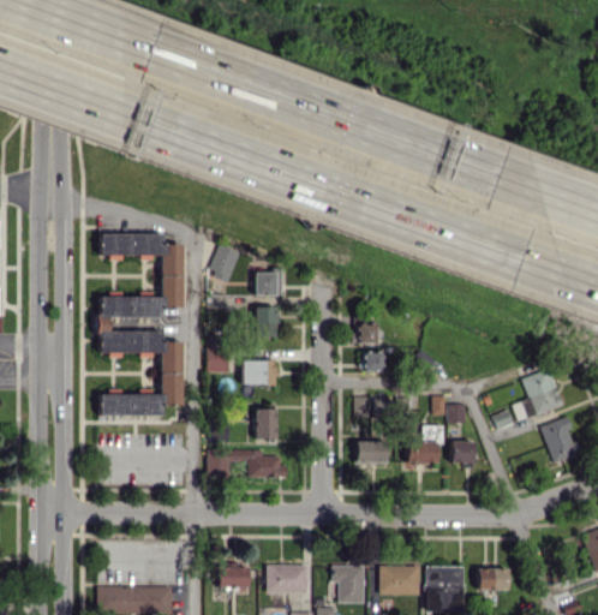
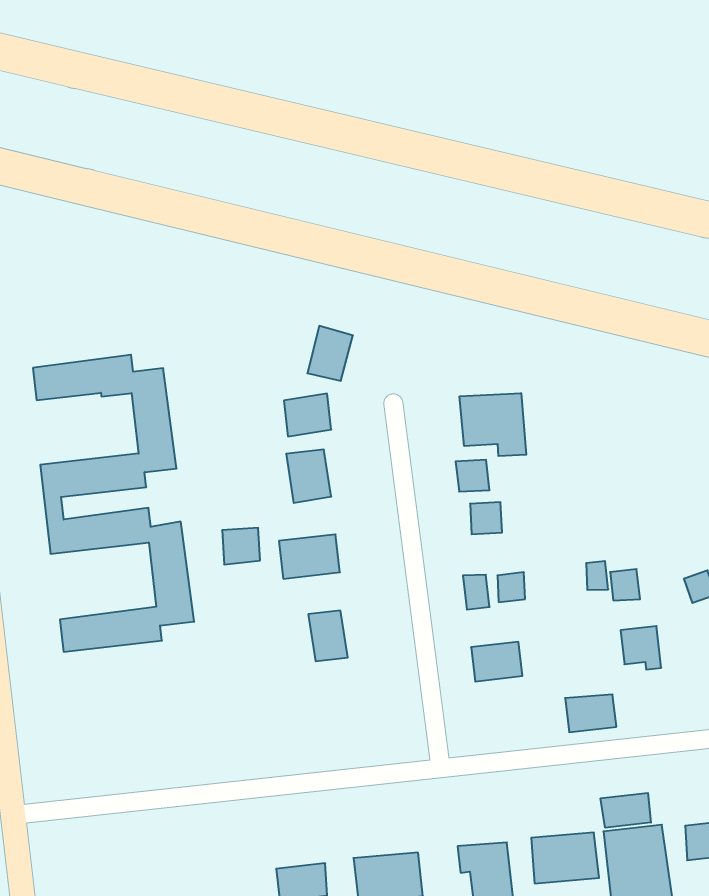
building: [210,244,241,280] -> [307,326,353,381]
building: none -> [460,393,526,456]
building: [407,441,437,462] -> [565,695,616,732]
building: [208,449,285,477] -> none
building: none -> [601,793,651,828]

